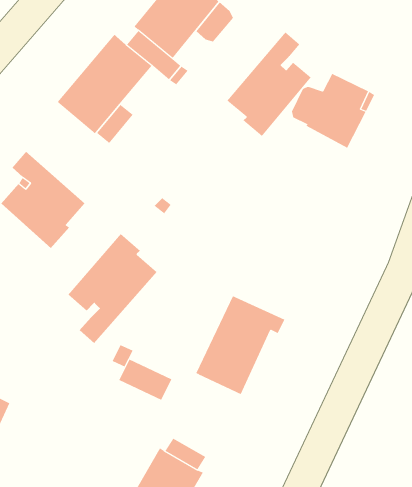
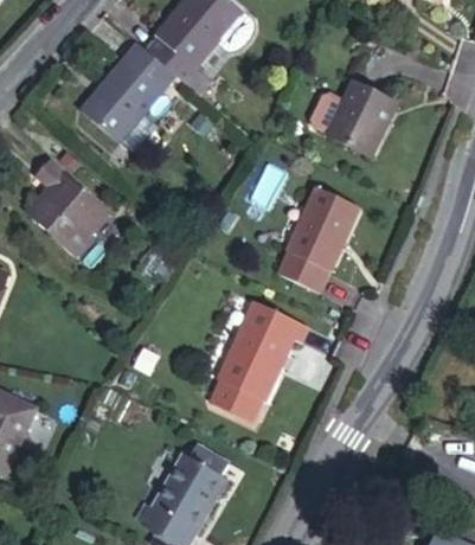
building: [227,31,311,137] -> none
building: none -> [277,187,357,291]
building: [68,233,158,344] -> none
building: [118,359,172,401] -> [210,380,263,422]

